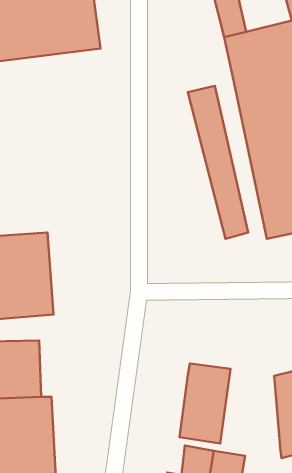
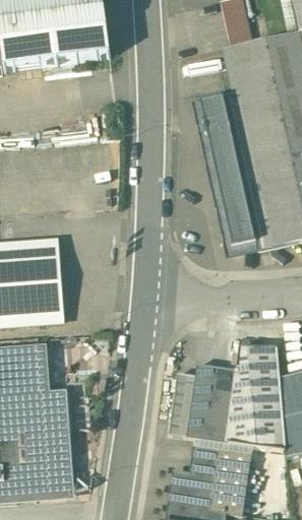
building: none -> [222,90,273,250]
building: none -> [227,347,286,451]
building: none -> [168,375,195,438]

